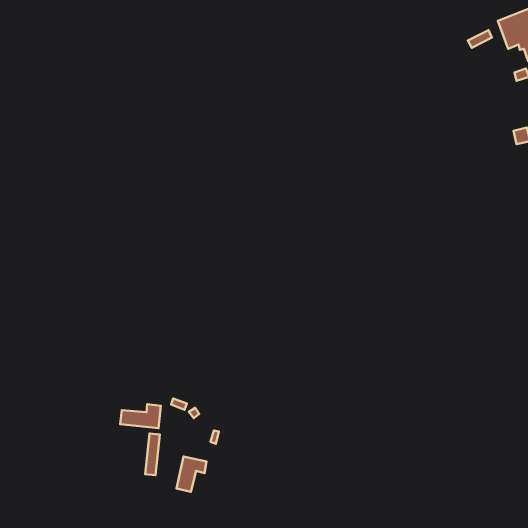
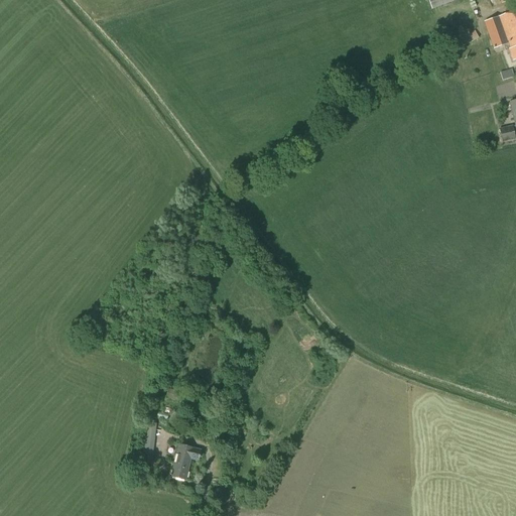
building: [120,404,161,428] -> none

